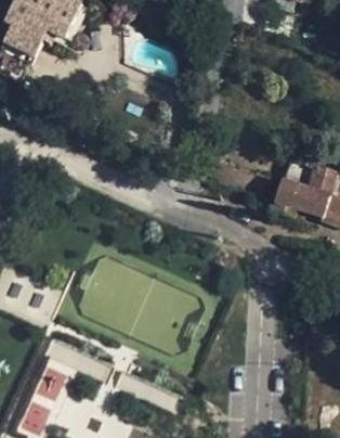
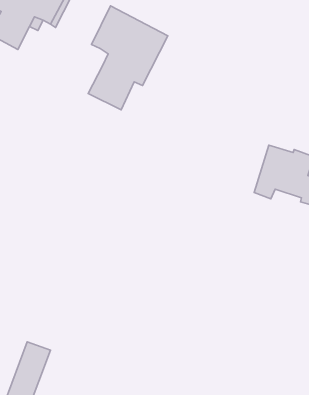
building: none -> [88,6,168,110]

